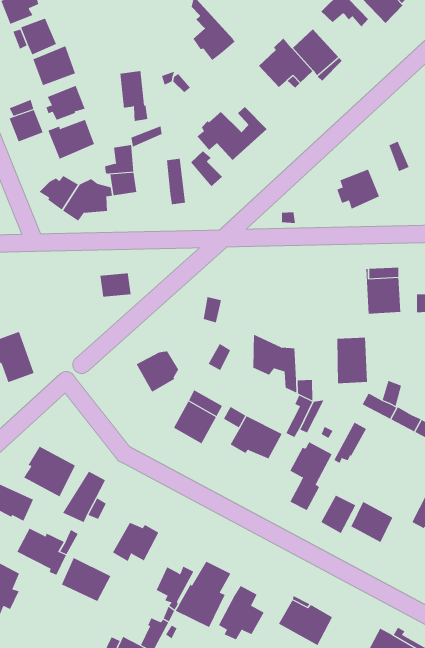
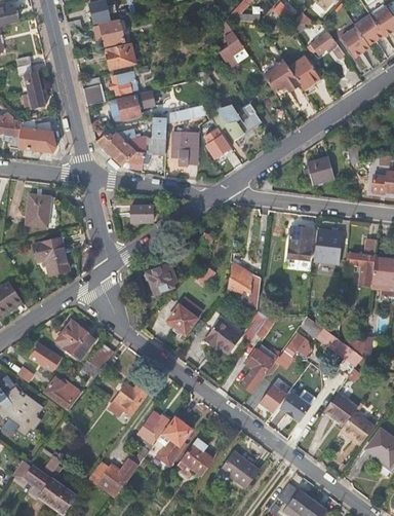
building: [120,70,148,121] -> [171,132,188,167]
building: [337,337,368,384] -> [286,227,311,261]
building: [61,557,111,602] -> none

